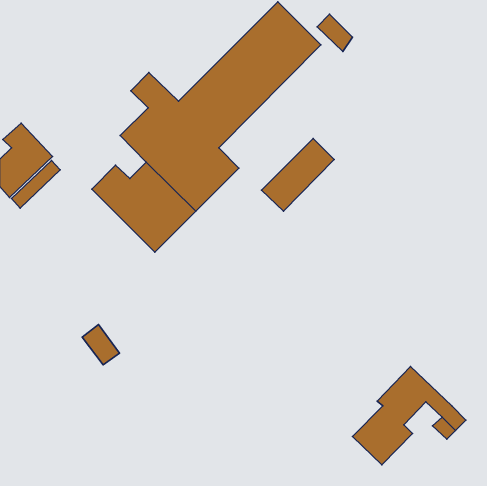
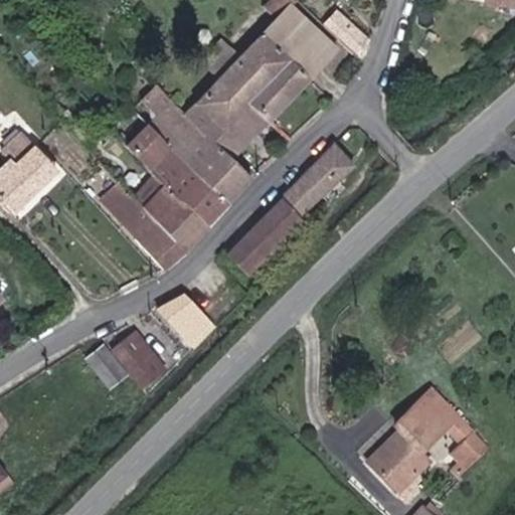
building: none -> [223,202,299,279]
building: none -> [155,295,210,345]
building: none -> [114,332,165,387]

